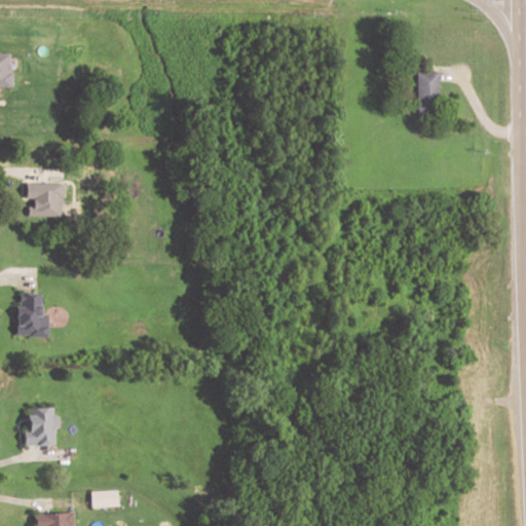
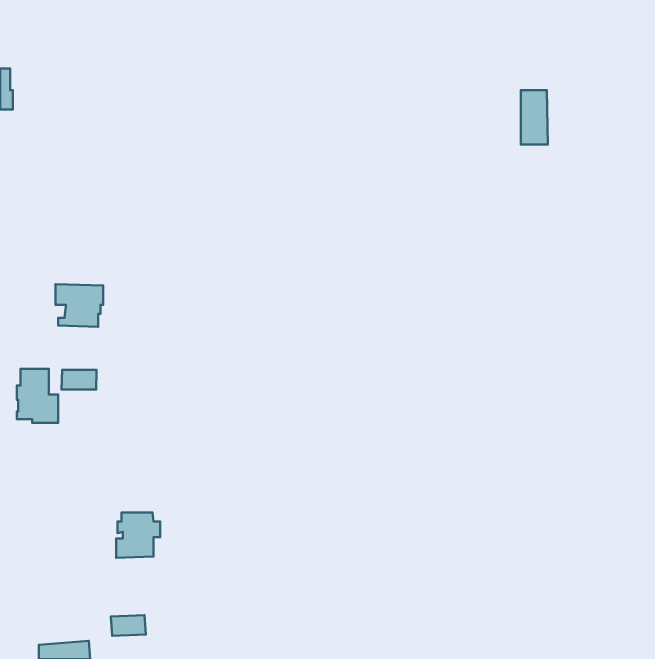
building: [27,183,65,217] -> [55,284,103,327]
building: none -> [62,370,97,389]
building: [25,408,60,444] -> [116,513,160,558]

